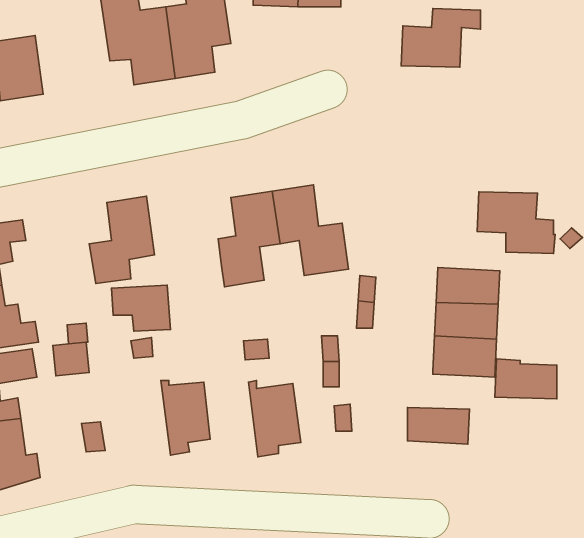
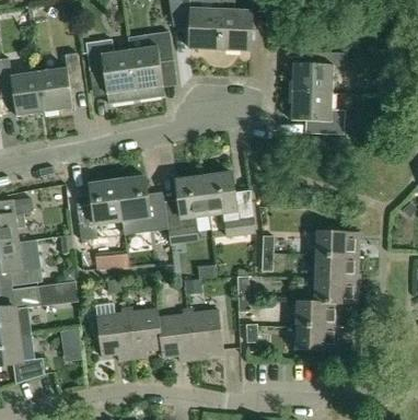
building: none -> [39,50,81,109]
building: none -> [116,175,167,231]
building: [477,192,555,254] -> [290,90,344,132]
building: [495,359,557,399] -> [295,299,338,326]
building: none -> [95,306,132,360]
building: none -> [155,306,193,360]

